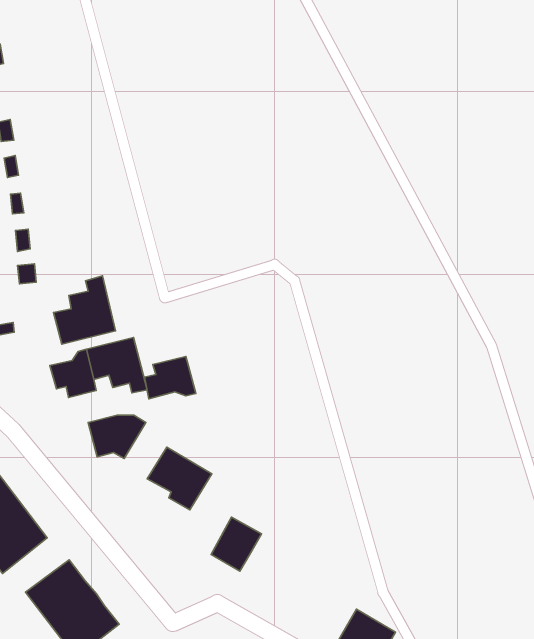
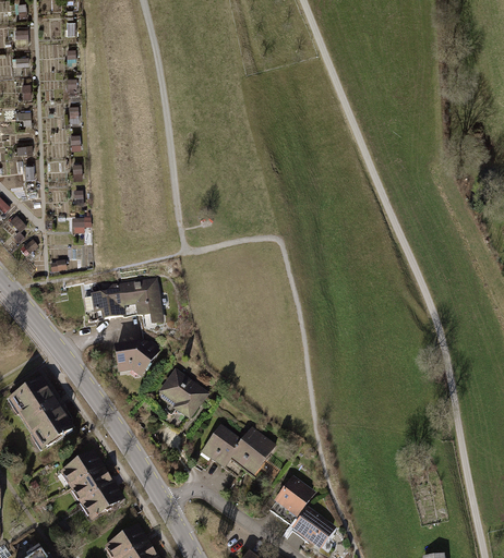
building: [54,276,116,344] -> none
building: [144,356,196,399] -> none
building: none -> [230,428,276,475]
building: none -> [274,477,315,519]

